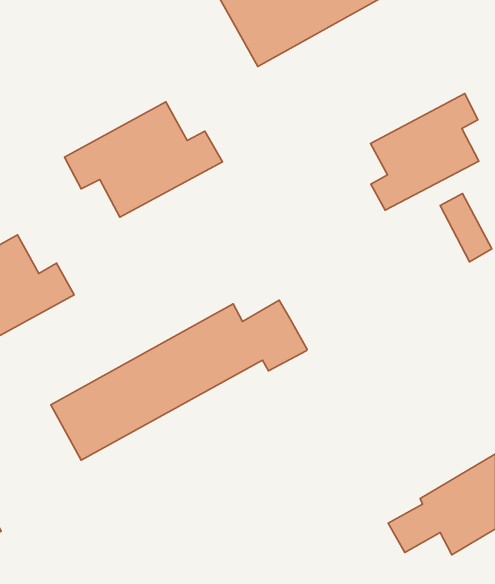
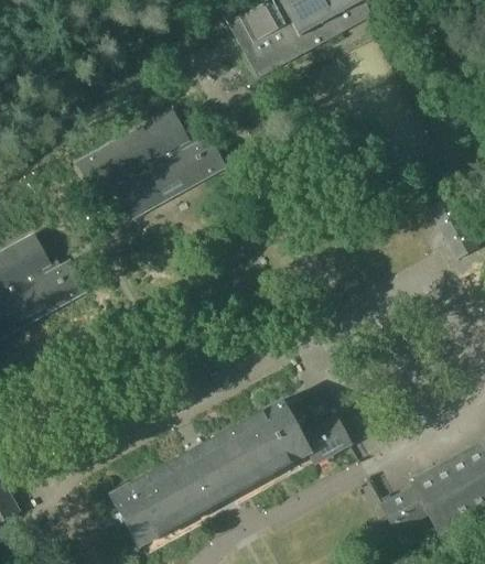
building: [371,93,479,210] -> none
building: [51,300,307,460] -> [110,397,351,546]

